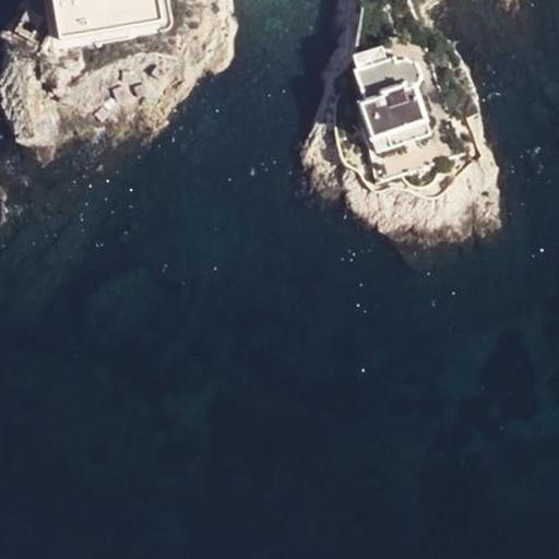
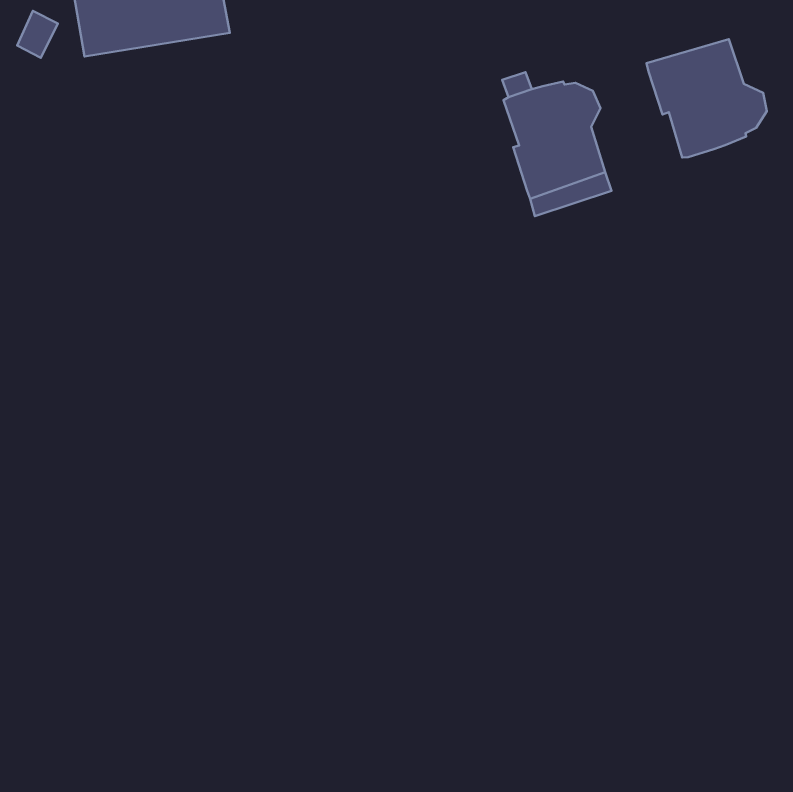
building: none -> [647,39,767,157]

